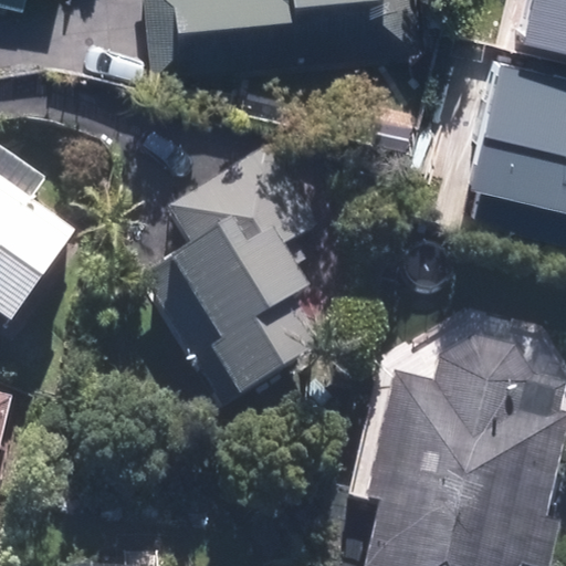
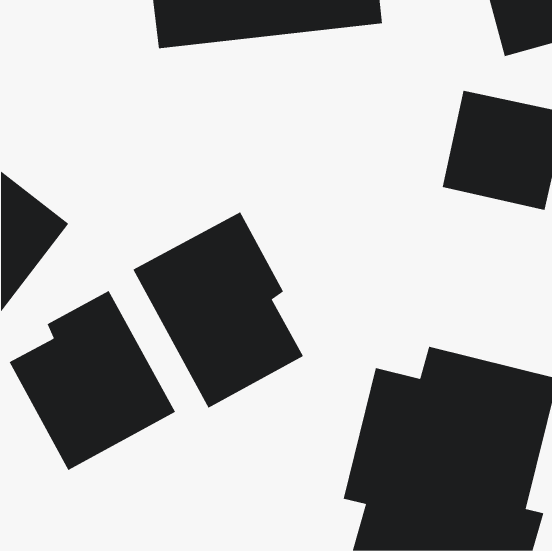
building: none -> [9,290,176,471]

